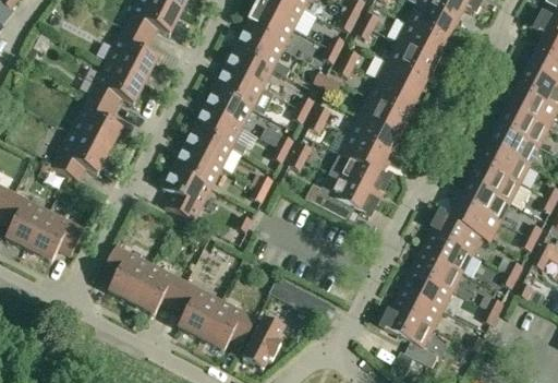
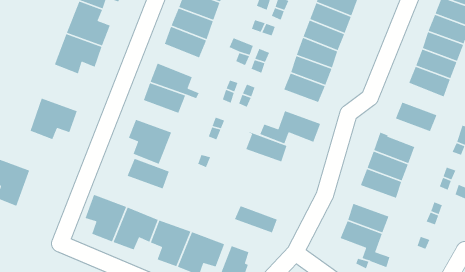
building: [205,87,253,128] -> none
building: [71,96,122,151] -> none
building: [173,147,222,187] -> [126,158,170,189]
building: [341,154,389,196] -> [243,129,287,163]
building: [473,163,521,202] -> none
building: [453,201,501,240] -> none
building: [29,211,85,262] -> none
building: [405,271,454,309] -> none

